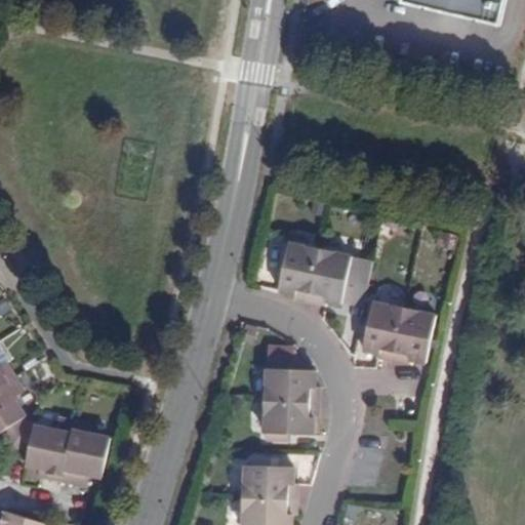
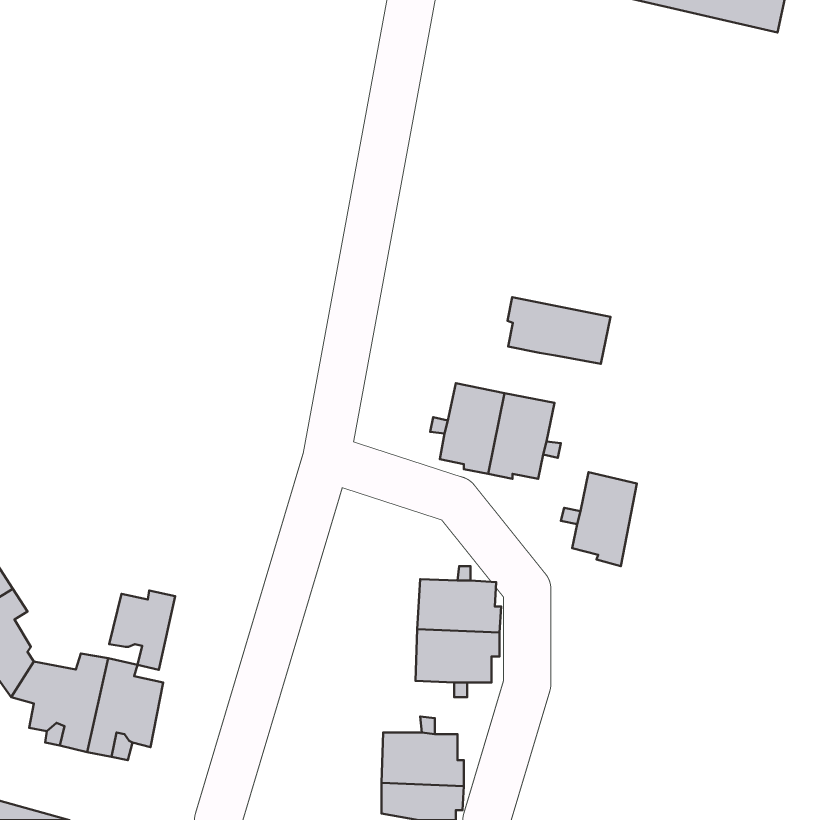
building: none -> [507,297,610,364]
building: [394,307,434,362] -> none
building: none -> [109,590,175,670]

